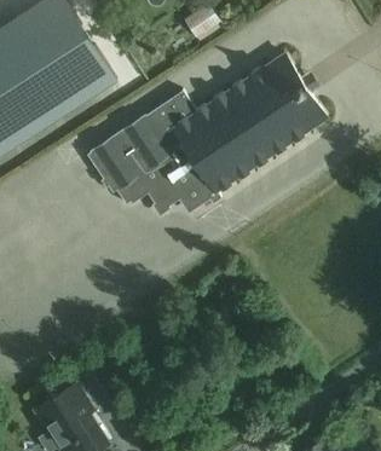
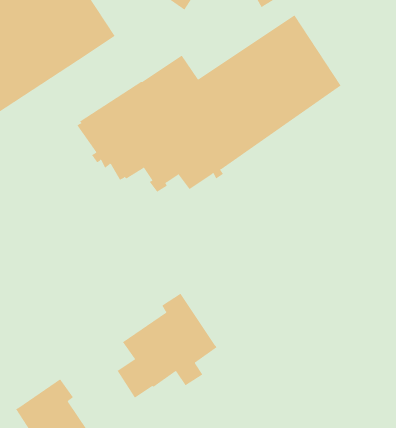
building: none -> [117,293,218,398]

